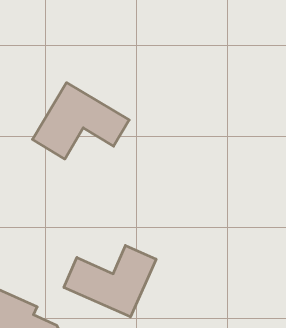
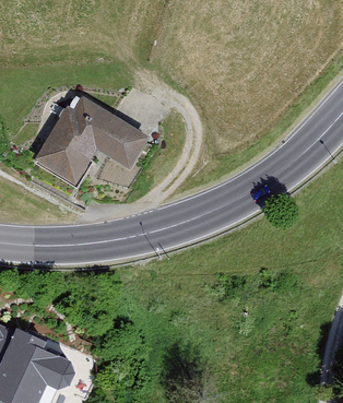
building: [64,245,156,317] -> none

